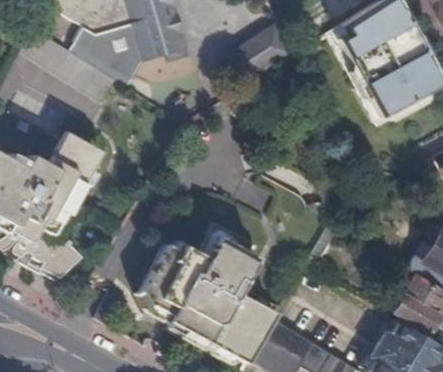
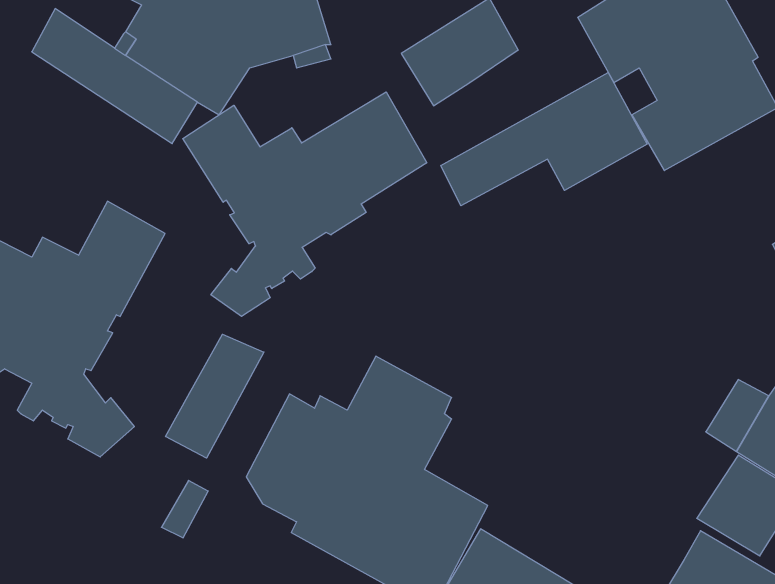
building: none -> [441,72,647,206]
building: none -> [183,92,427,316]
building: none -> [166,334,264,458]

